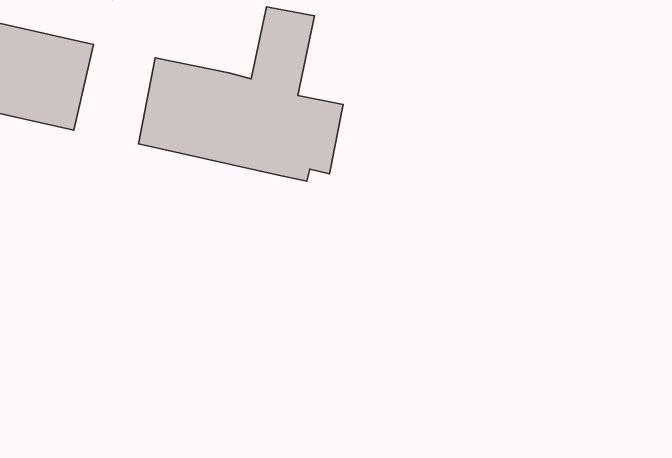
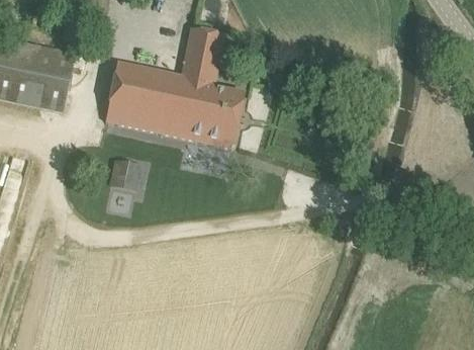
building: none -> [110,160,145,192]

